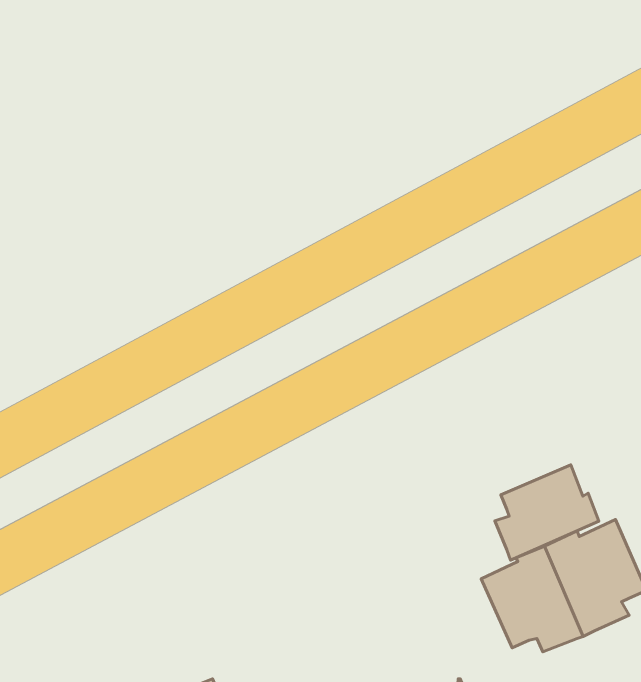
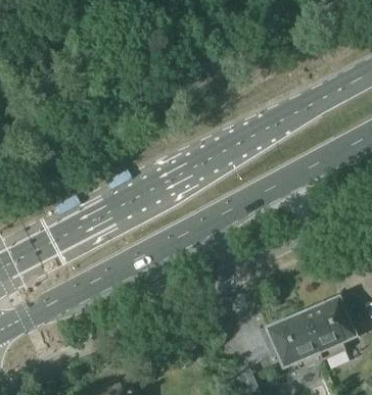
building: [495,465,599,560] -> none

